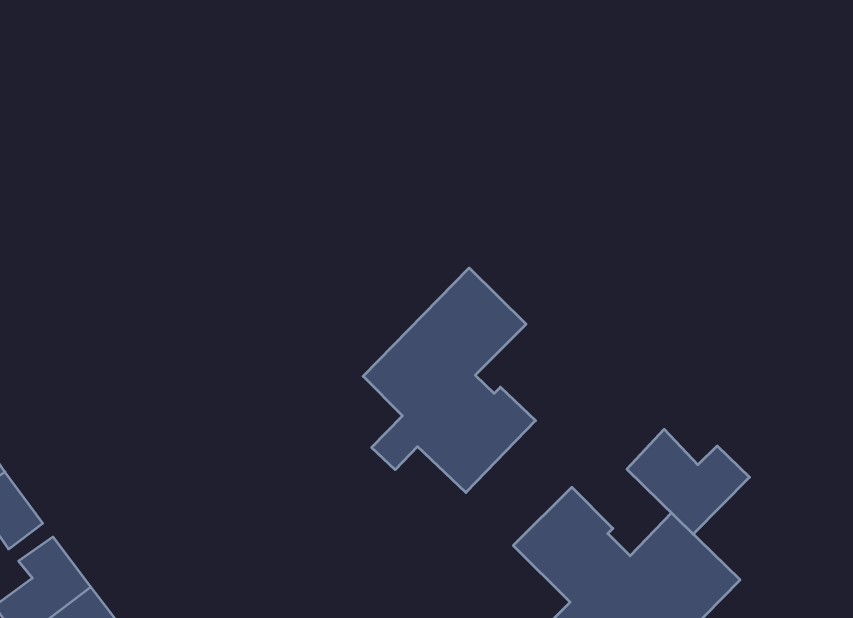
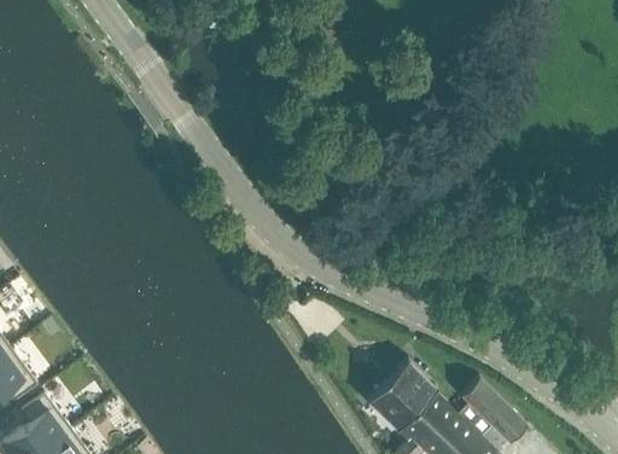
building: [363,268,536,493] -> none
building: [627,429,750,534] -> none

